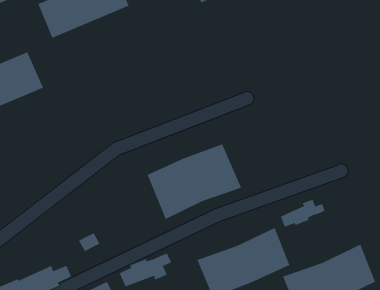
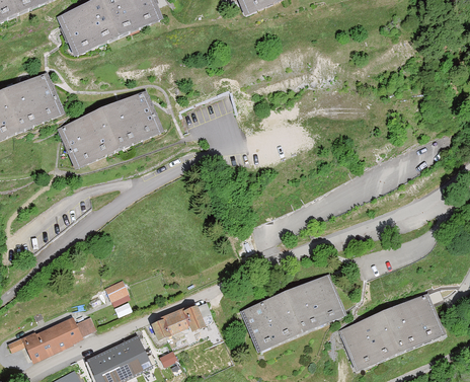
building: none -> [56,89,164,170]
building: [147,143,242,220] -> none
building: [280,199,325,227] -> none

